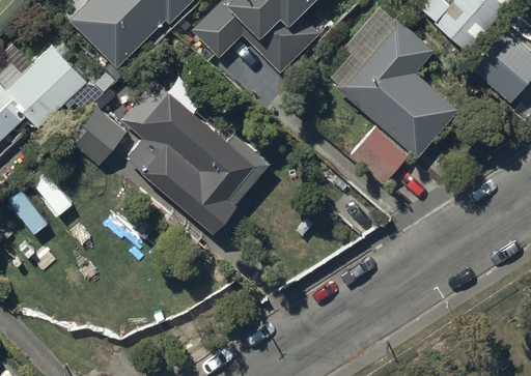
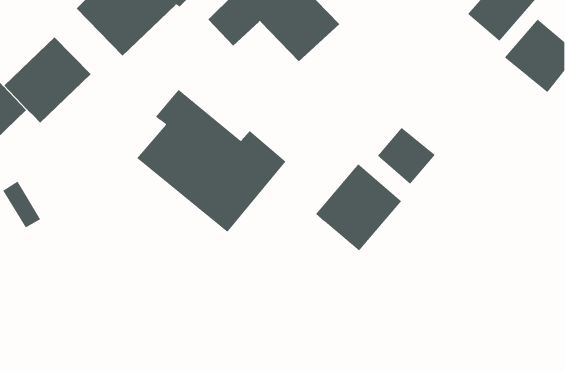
building: [337,19,456,155] -> none
building: [71,109,127,165] -> none
building: none -> [315,163,402,252]

